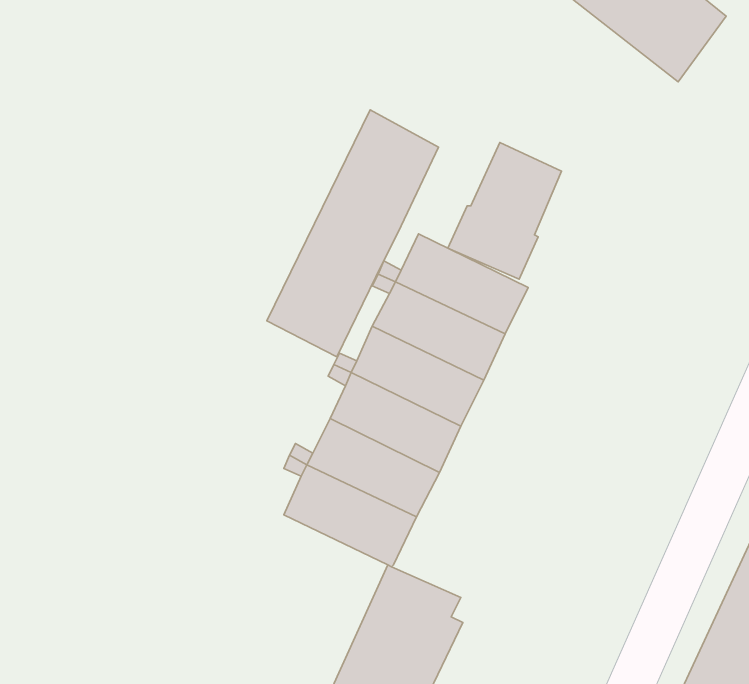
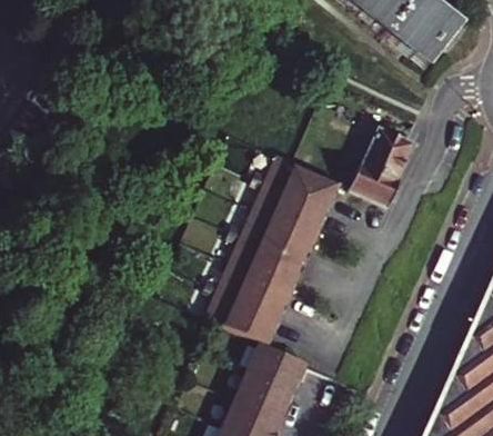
building: [267,110,438,357] -> none
building: [448,142,561,279] -> [351,125,416,204]

